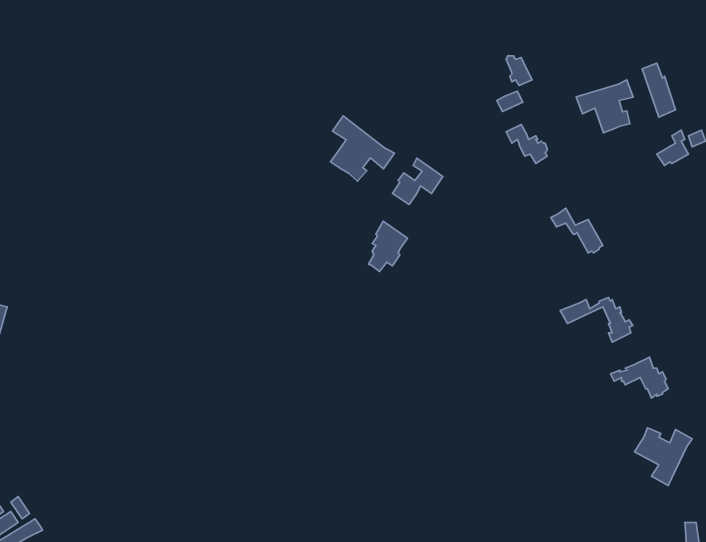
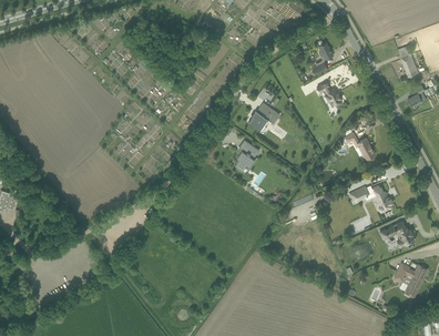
building: [576,80,633,133] -> none
building: [330,116,394,181] -> none

